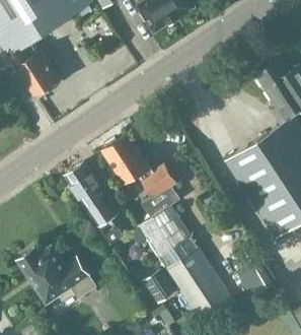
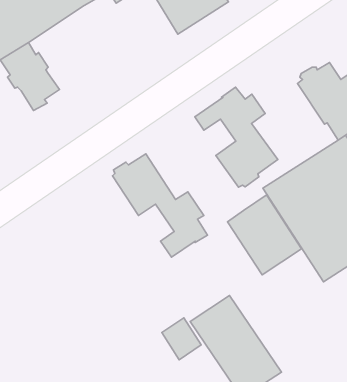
building: none -> [195,87,278,187]
building: [63,162,116,238] -> none
building: [136,205,197,271] -> [228,195,302,275]
building: [16,247,95,305] -> none

